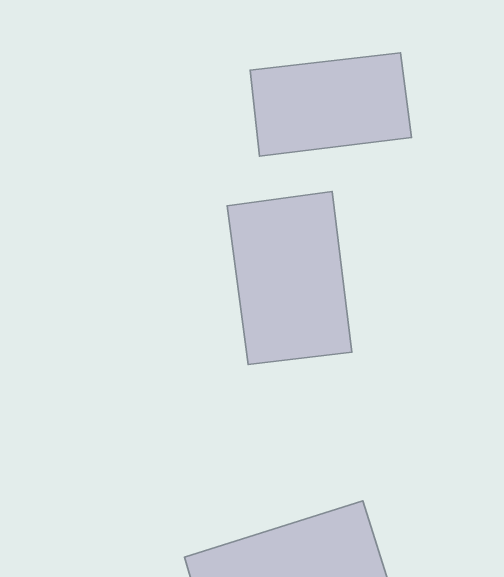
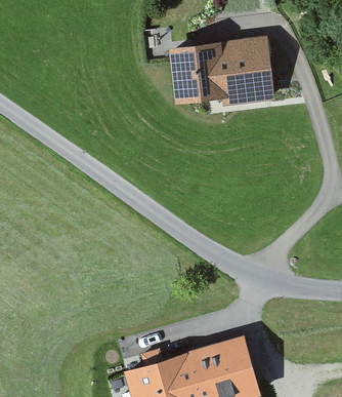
building: [227,191,352,364] -> none

